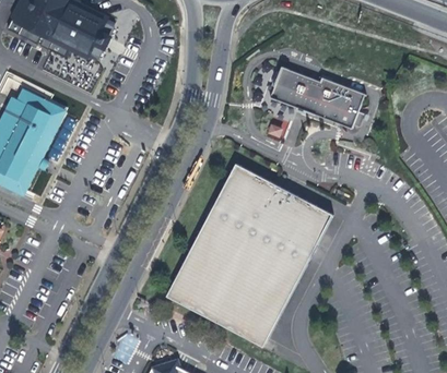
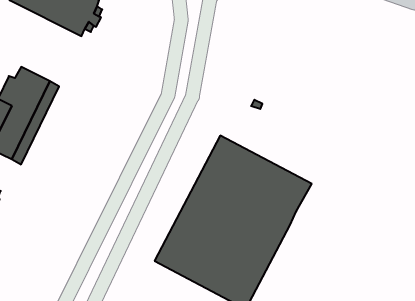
building: [269,67,364,129] -> none

